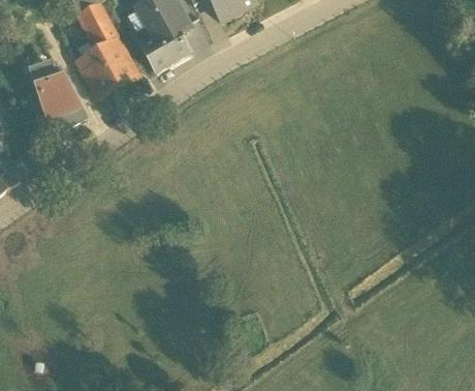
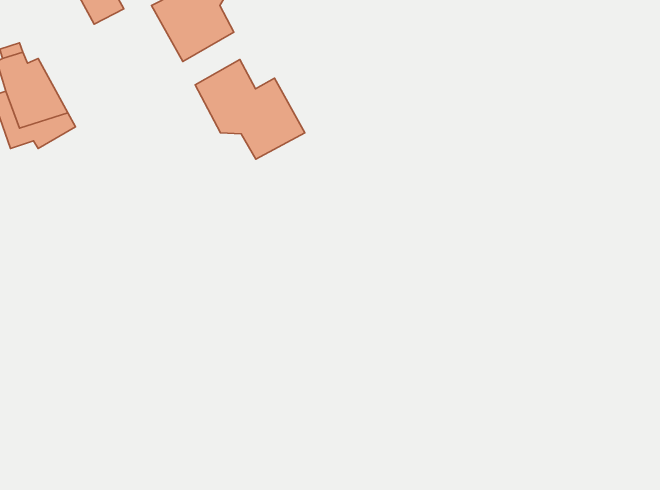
building: [75,36,137,96] -> none
building: none -> [195,60,305,159]

